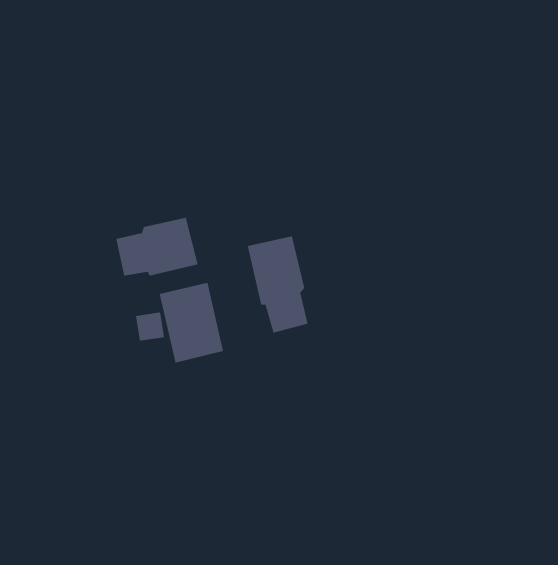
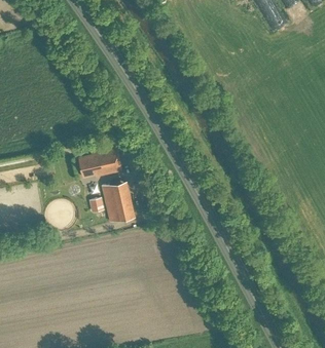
building: [247,236,308,333] -> none

